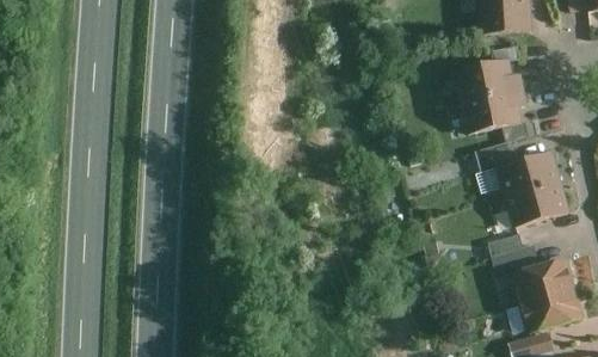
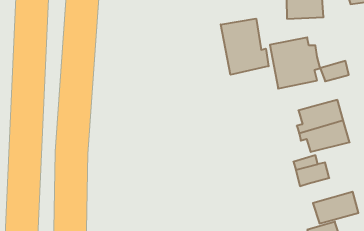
building: none -> [221,19,269,75]
building: [475,139,517,168] -> [320,61,349,81]
building: [510,257,575,301] -> none

